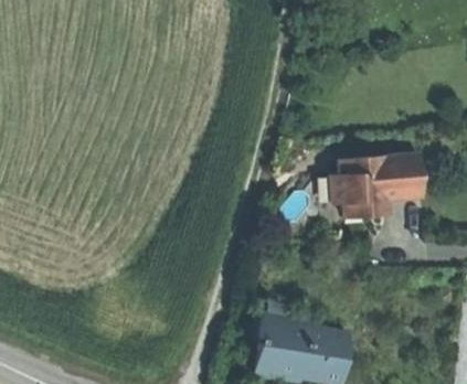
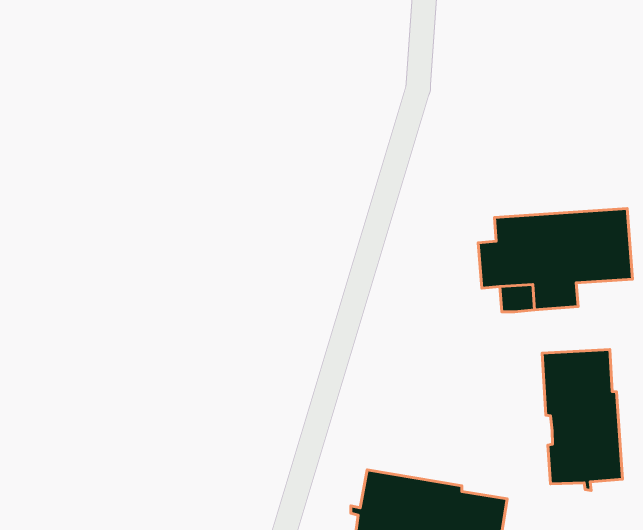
building: none -> [542,350,623,490]

